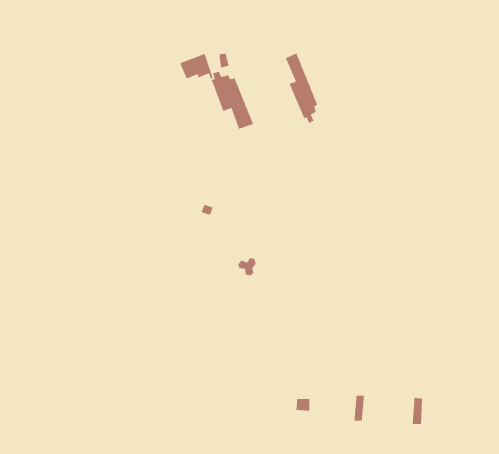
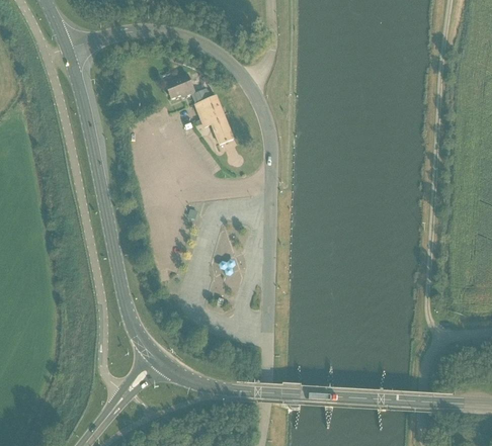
building: [285,52,318,124] -> none

